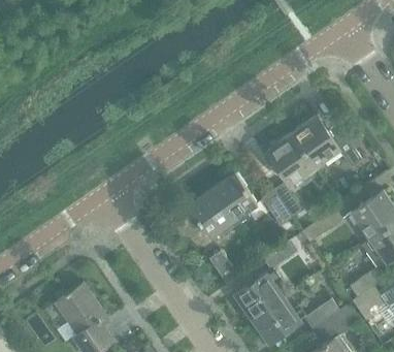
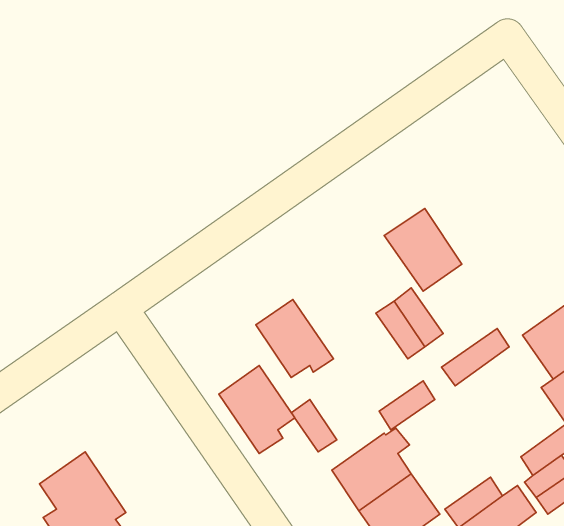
building: [291,118,362,169] -> none
building: [210,173,257,227] -> [219,366,295,453]

